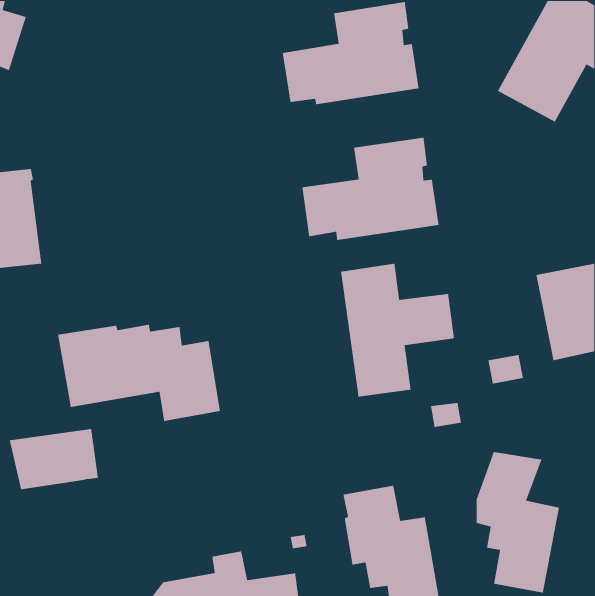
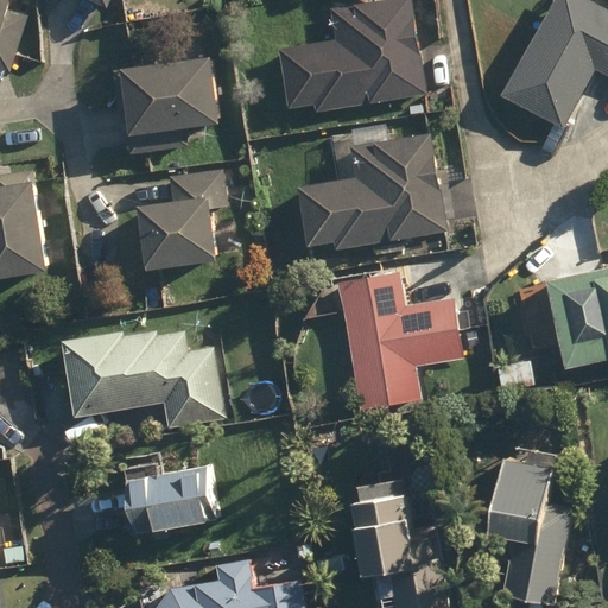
building: none -> [112,57,216,154]
building: none -> [134,169,224,268]
building: [9,428,99,490] -> [121,468,213,531]

